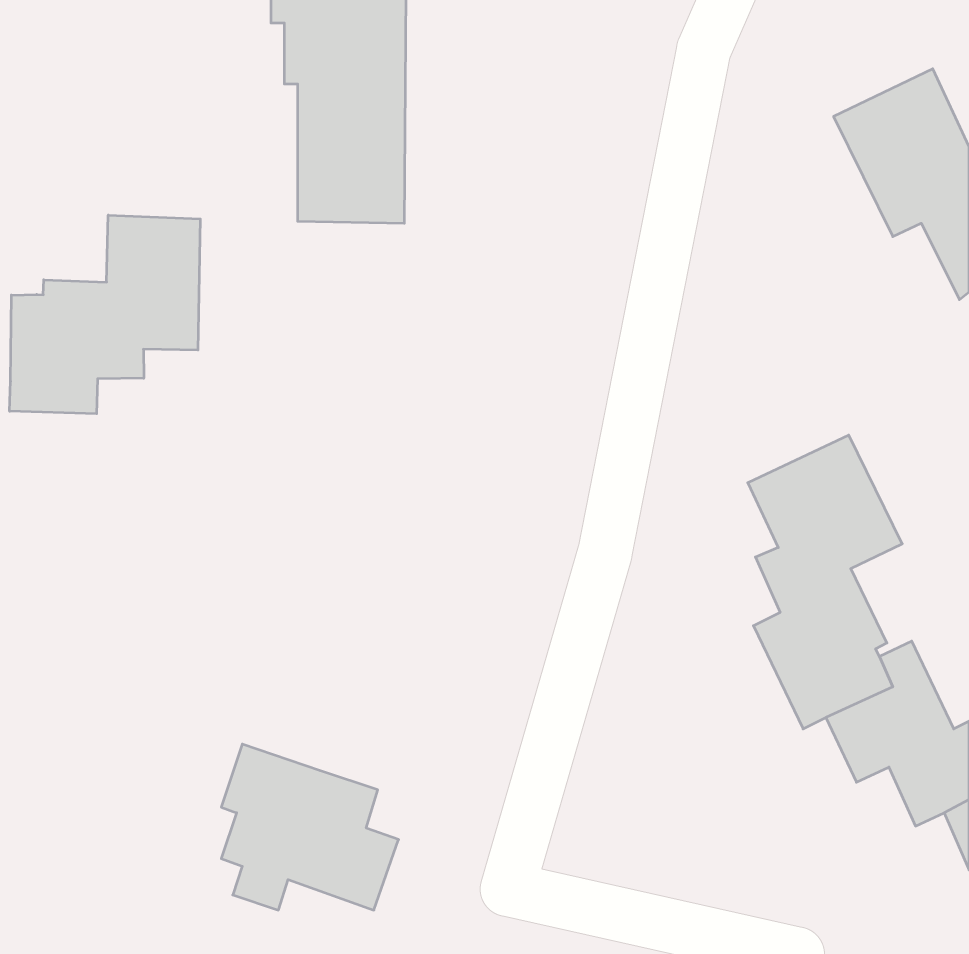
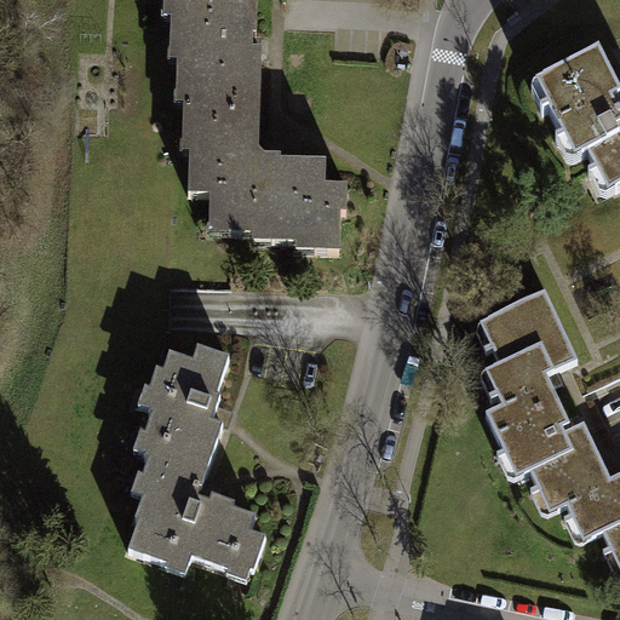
building: [10,215,200,414] -> none
building: none -> [189,140,343,248]
building: none -> [133,362,220,489]

